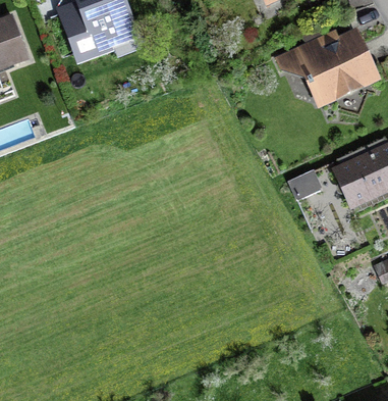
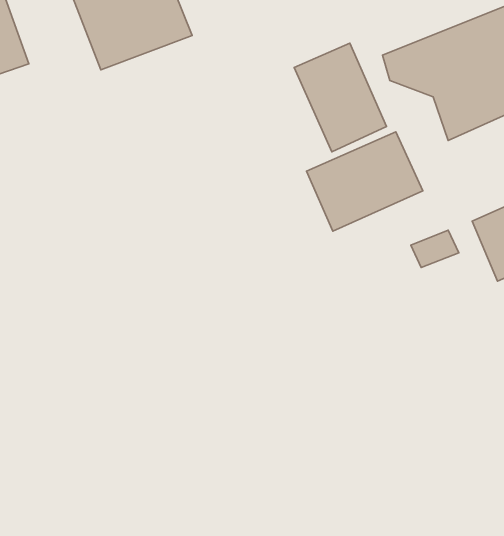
building: none -> [294,43,387,152]
building: none -> [306,132,423,231]

